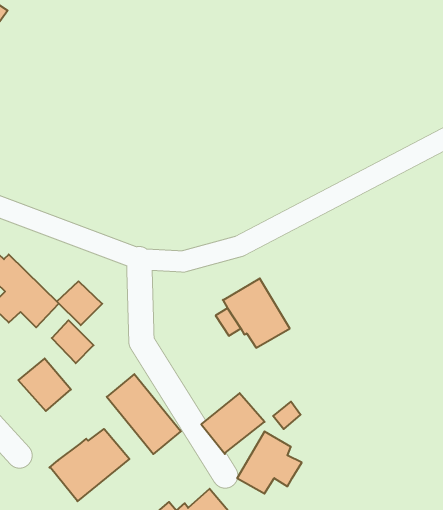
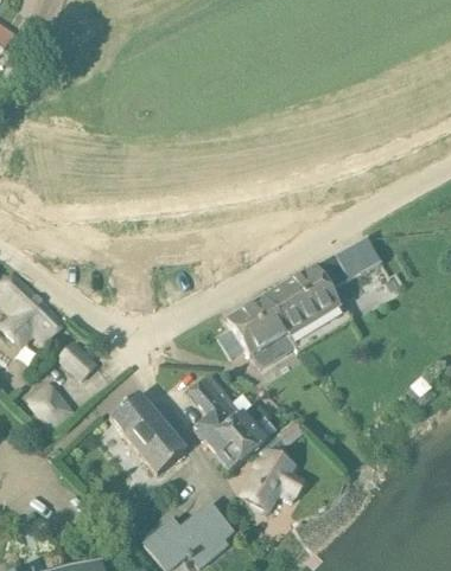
building: none -> [262,237,379,352]
building: [57,281,102,325] -> none
building: none -> [188,374,242,442]
building: [49,429,129,501] -> none

